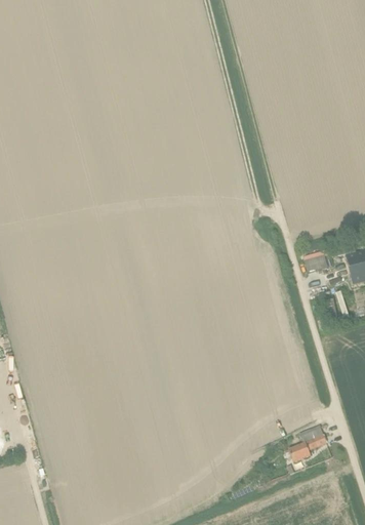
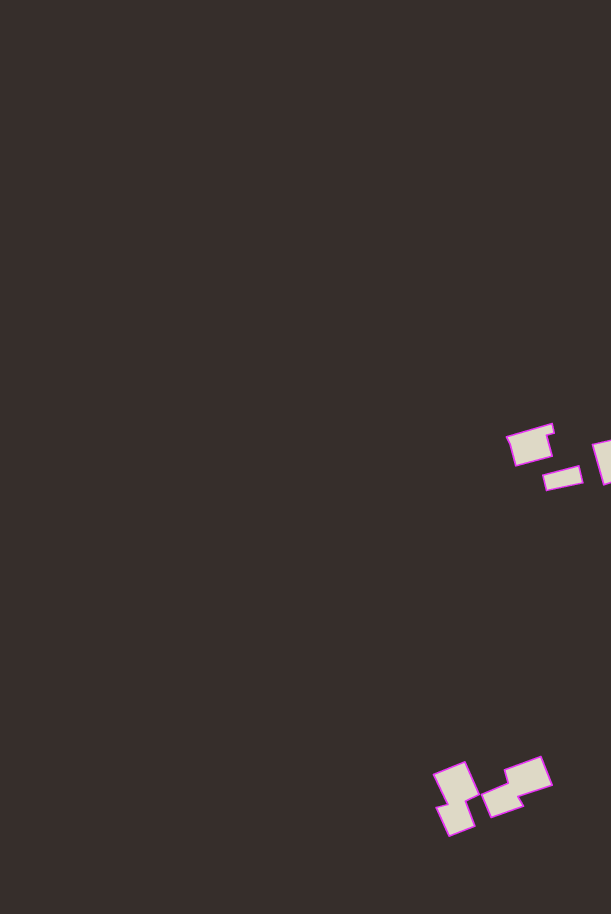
building: none -> [434,762,479,836]

